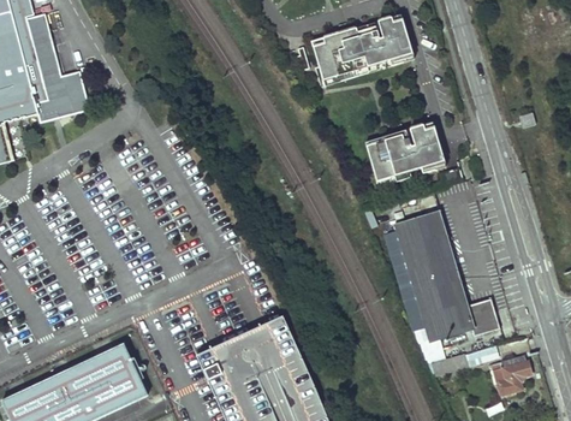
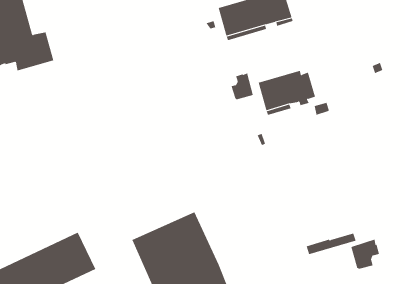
building: none -> [231,73,253,100]
building: [383,210,498,340] -> none

